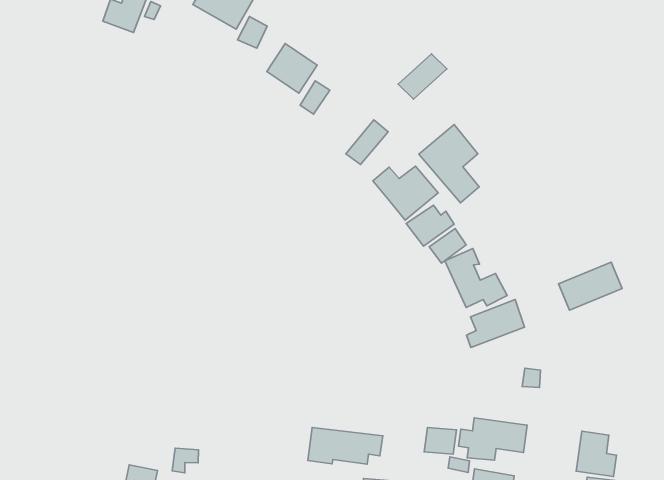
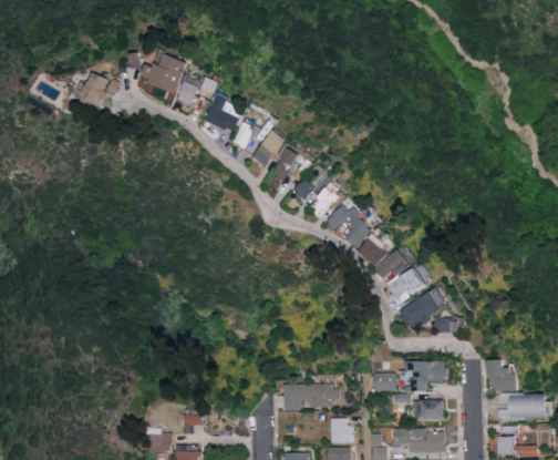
building: [398,54,447,99] -> [258,129,293,165]
building: [419,125,479,203] -> none
building: [558,262,622,310] -> [401,289,450,330]

